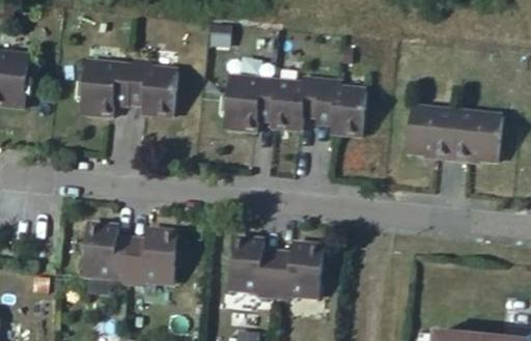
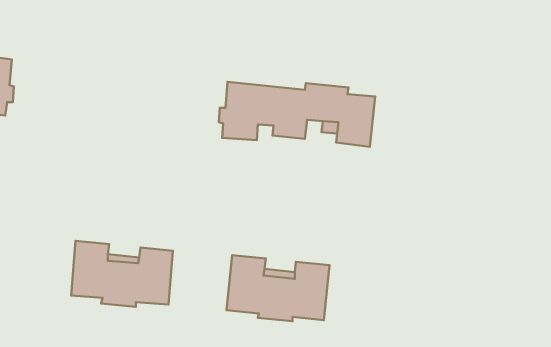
building: [76,60,176,116] -> none
building: [406,106,501,160] -> none

